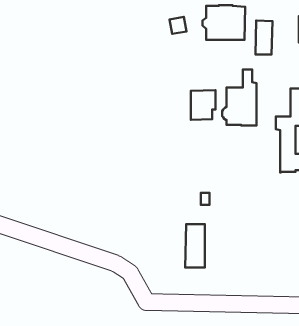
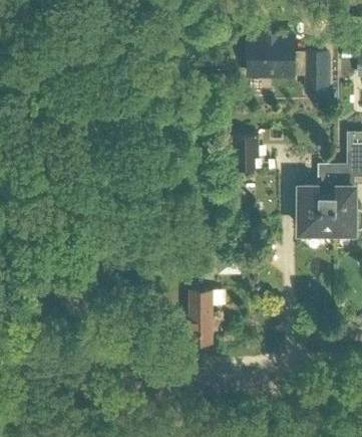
building: [222,70,256,126] -> [296,167,336,233]
building: [185,224,205,268] -> [190,291,213,343]

